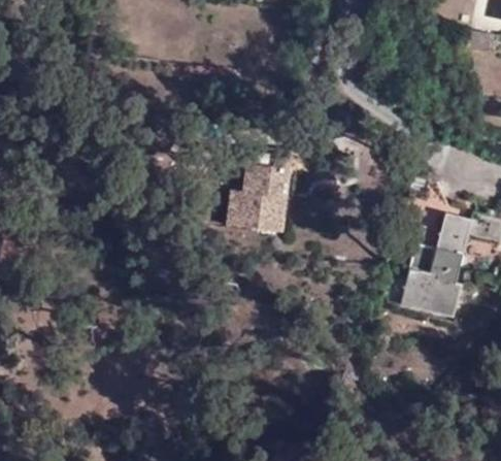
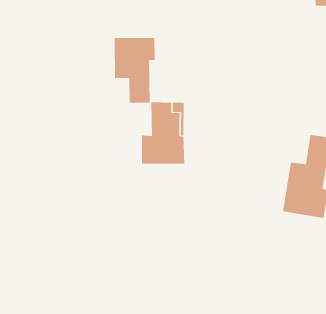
building: none -> [114,37,155,103]

